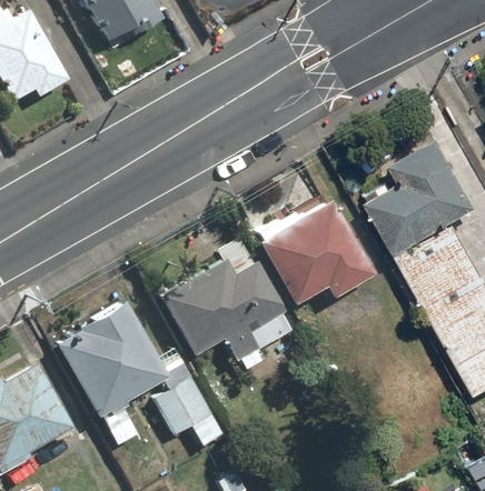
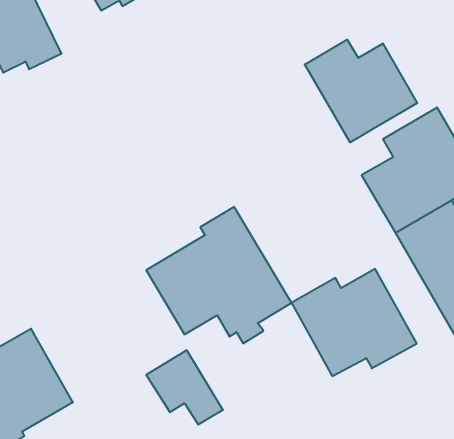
building: none -> [305,40,417,142]
building: [250,202,374,308] -> [292,269,417,376]
building: [51,300,170,419] -> none

